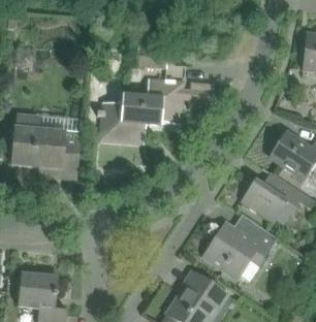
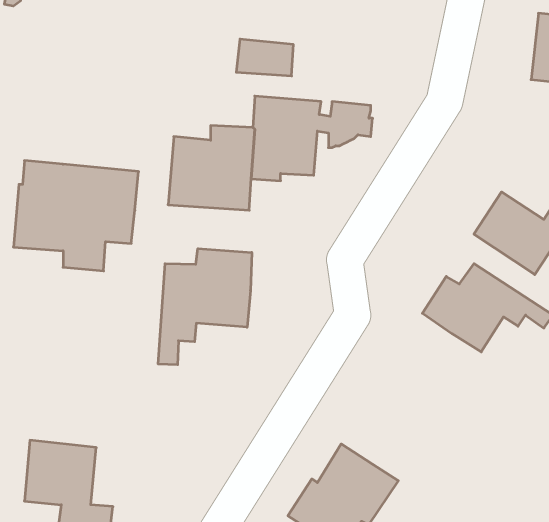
building: none -> [158,249,252,365]
building: [202,228,276,281] -> none

